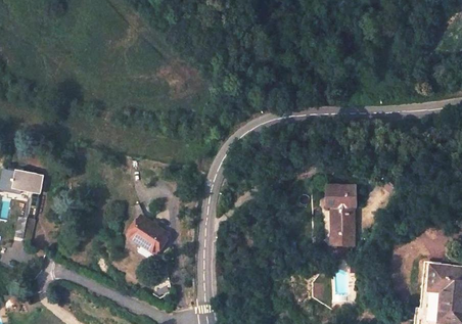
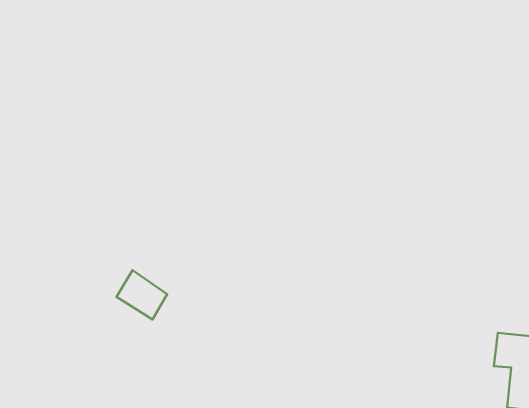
building: [320,188,354,238] -> none

